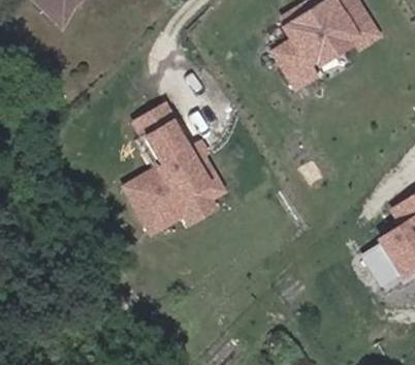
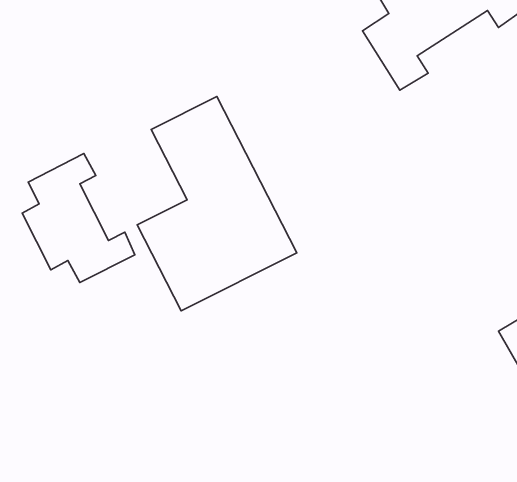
building: none -> [22,153,135,283]

